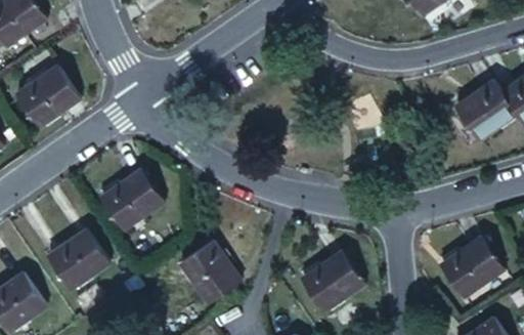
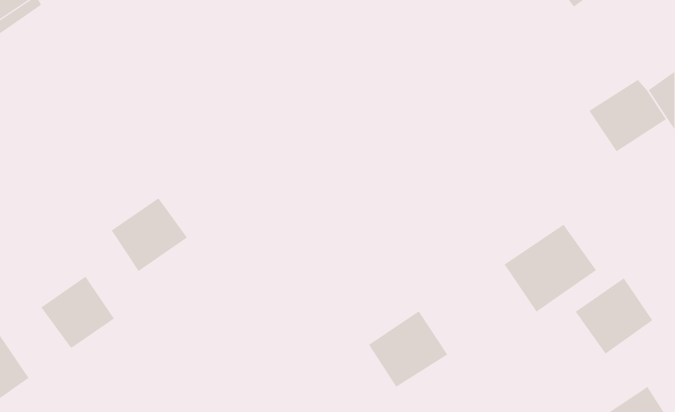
building: [30,73,89,130] -> none
building: none -> [504,224,597,312]
building: [170,239,227,297] -> none

